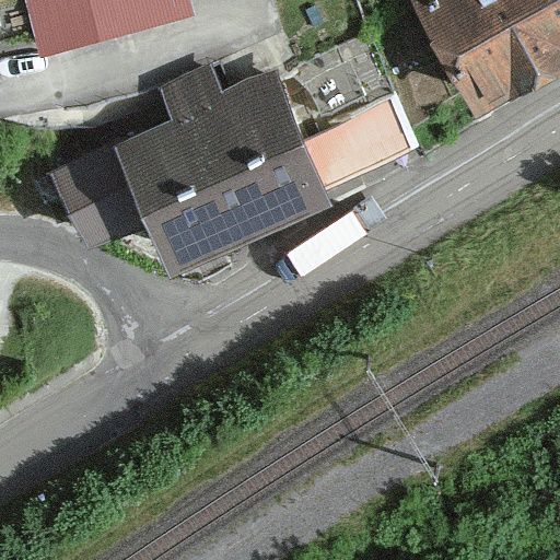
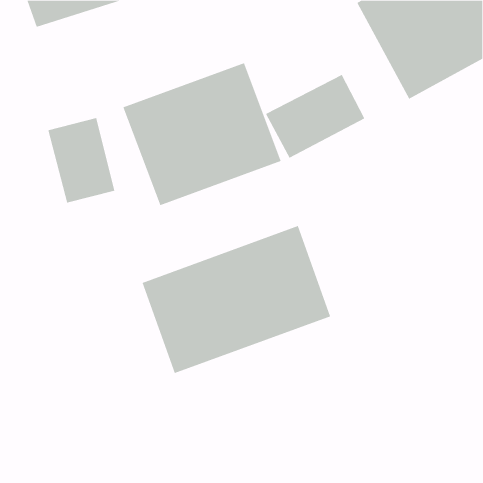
building: none -> [142,225,331,374]

